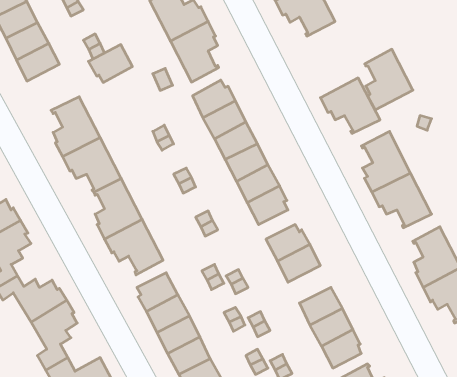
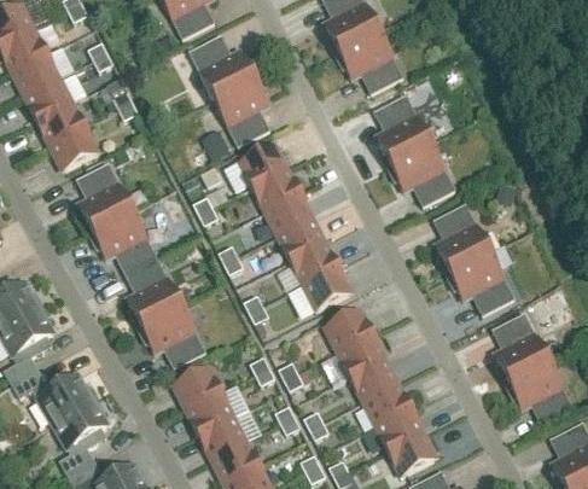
building: [88,45,132,82] -> [48,126,99,169]
building: [365,49,413,110] -> [374,94,430,164]
building: none -> [349,357,398,401]

